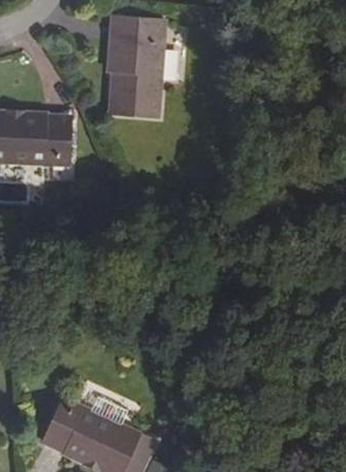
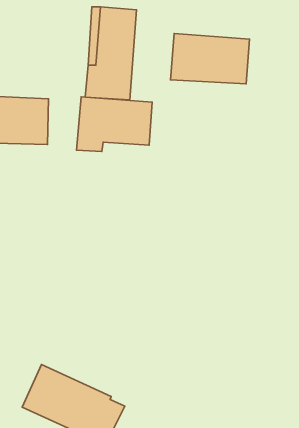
building: none -> [170,33,250,84]
building: none -> [77,97,152,151]

